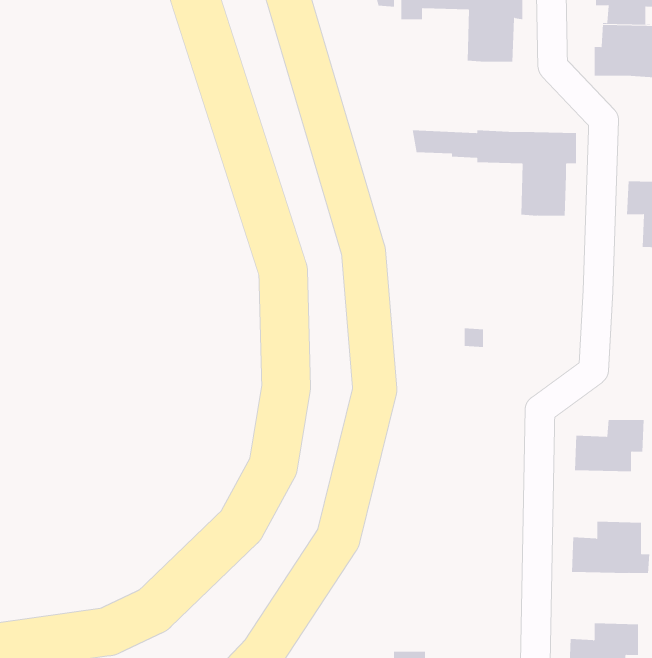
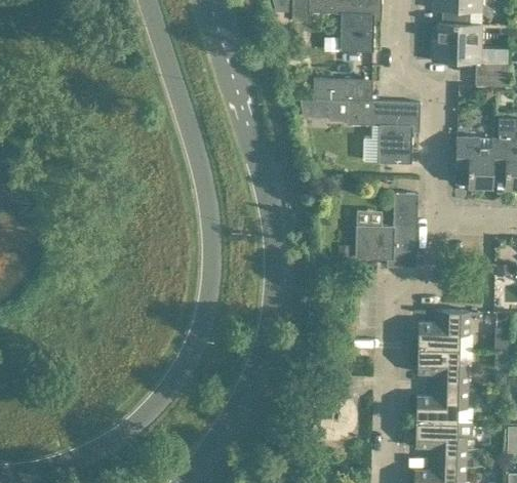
building: none -> [316,77,371,99]
building: none -> [355,191,417,265]
building: none -> [416,346,468,384]
building: none -> [414,419,466,457]

